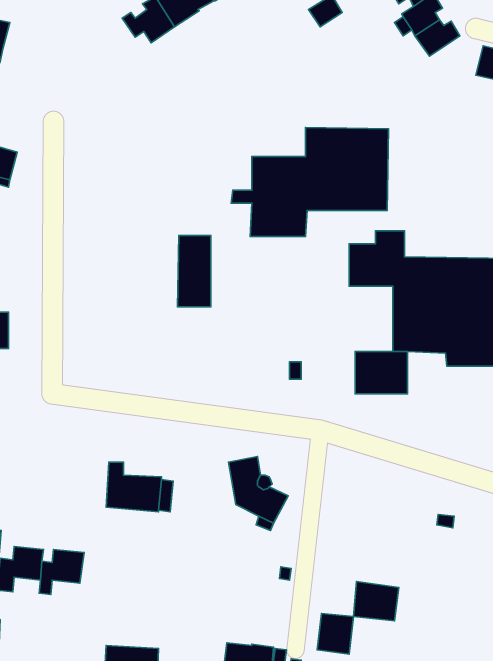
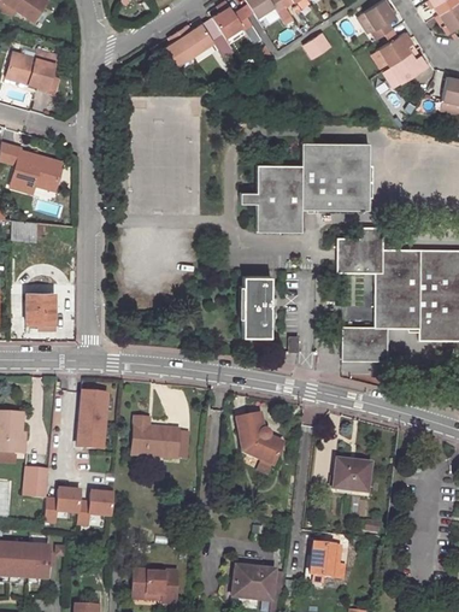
building: [177,236,211,307] -> [242,276,270,335]
building: none -> [78,390,113,452]
building: [354,582,399,621] -> [335,459,372,492]

